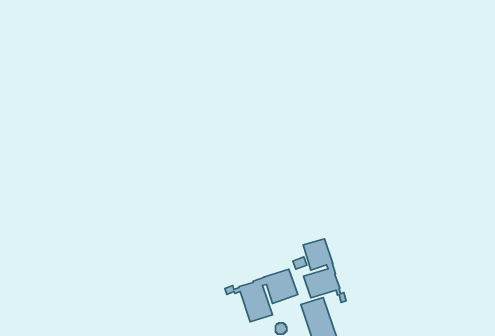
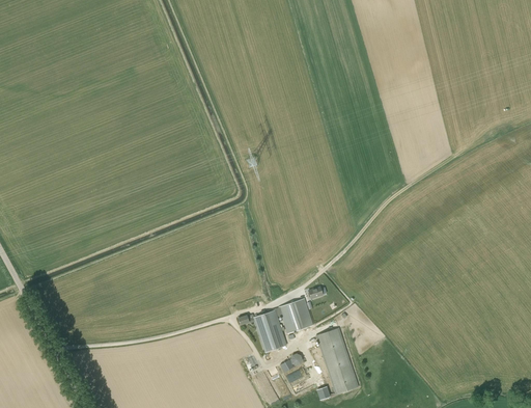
building: [303,239,346,302] -> none

